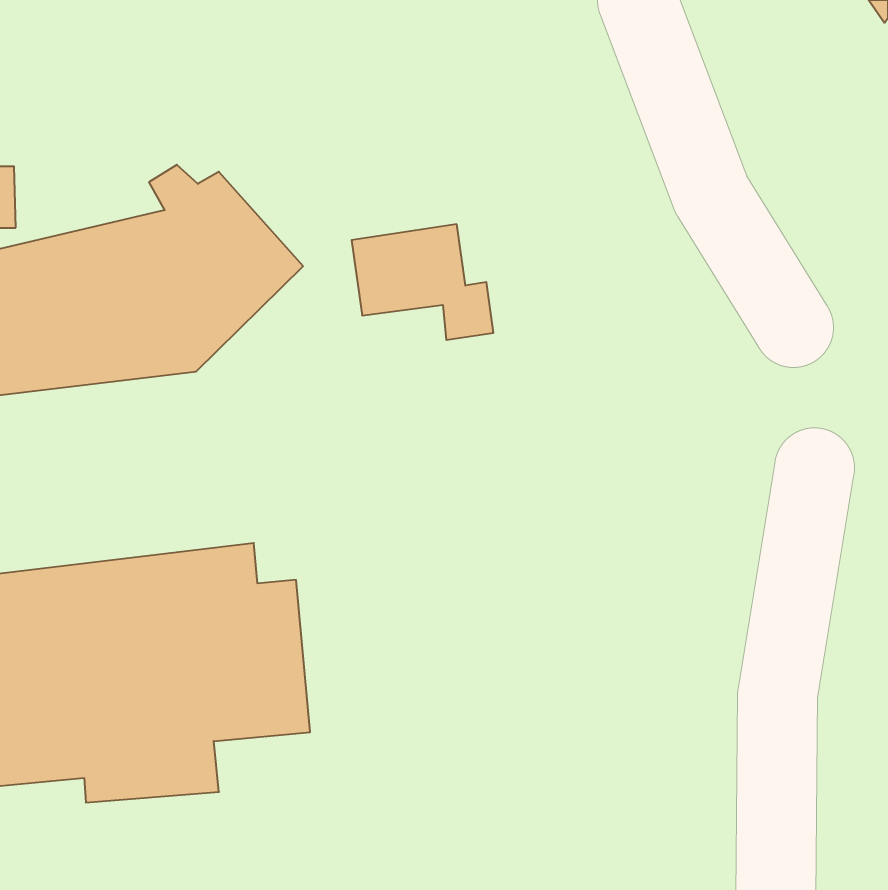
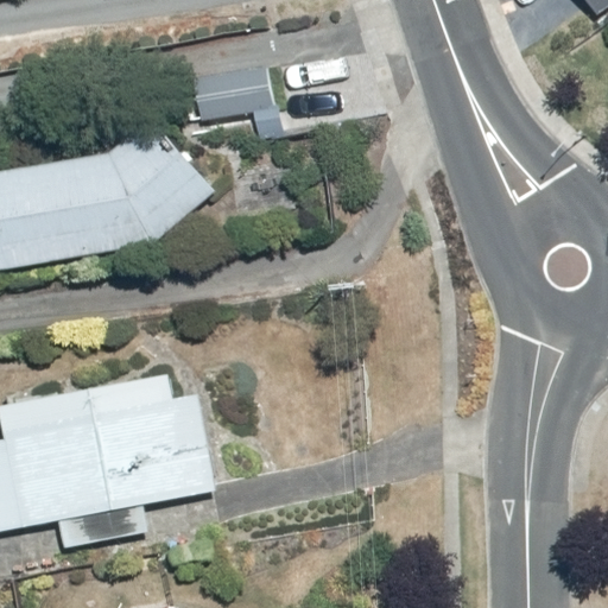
building: [352,224,493,340] -> [191,63,287,141]

